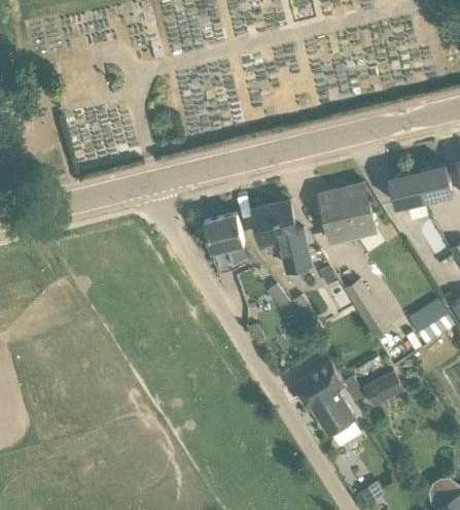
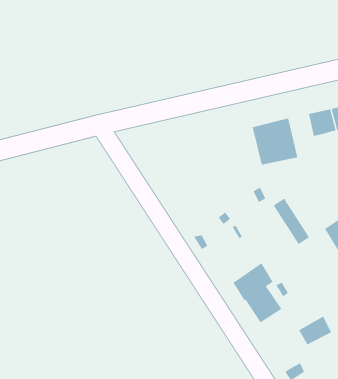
building: [252,202,311,271] -> none
building: [203,214,248,260] -> none
building: [362,372,403,408] -> [298,316,332,345]

